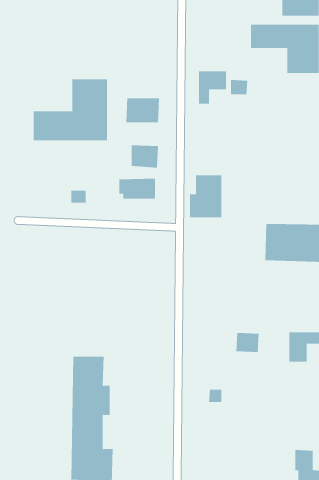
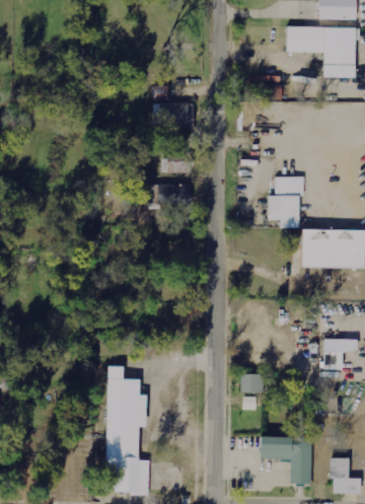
building: [198,70,226,105] -> none
building: [33,79,107,141] -> none
building: [189,175,222,218] -> [266,177,299,221]
building: [235,332,260,353] -> [240,373,265,393]
building: none -> [260,437,312,484]

